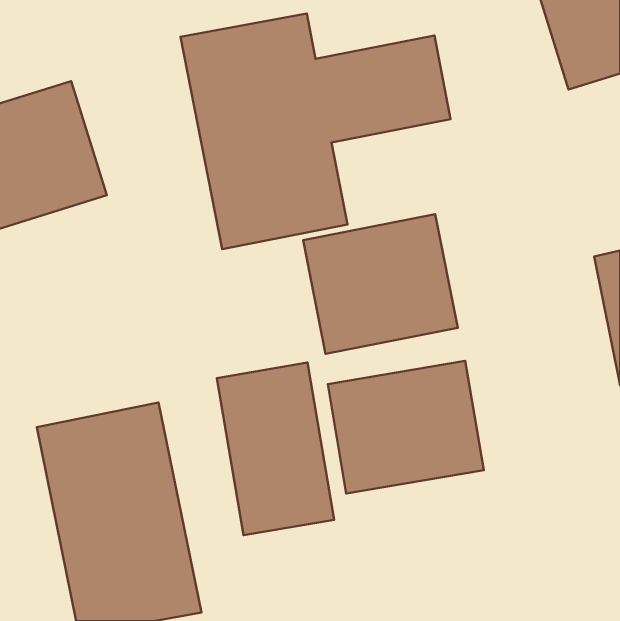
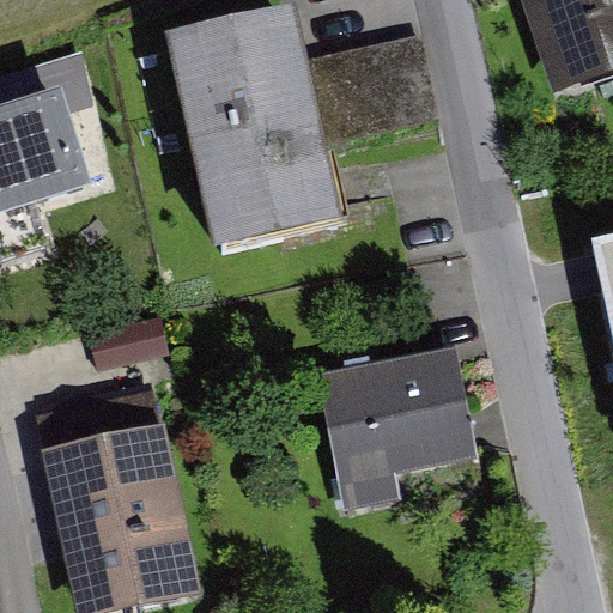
building: [303,214,458,354] -> none
building: [217,363,334,535] -> none

